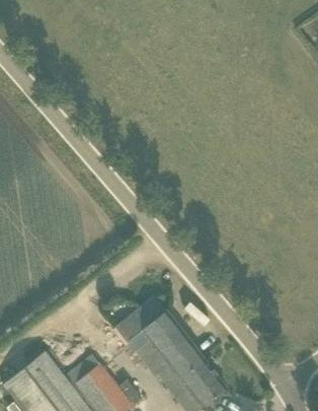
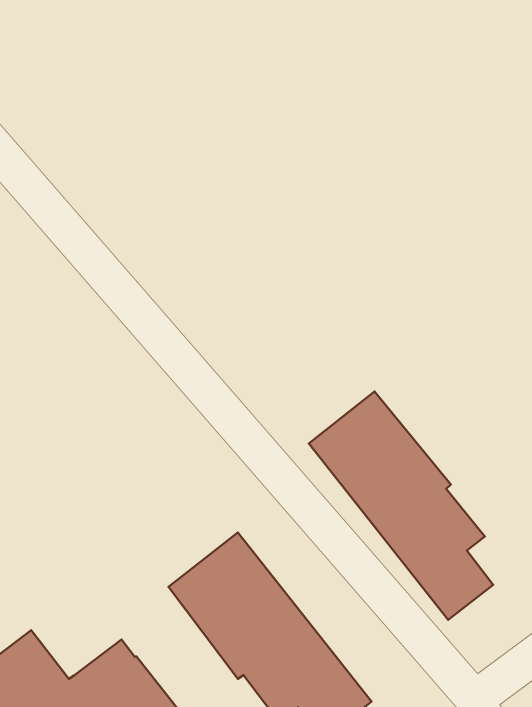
building: none -> [309,392,493,620]

